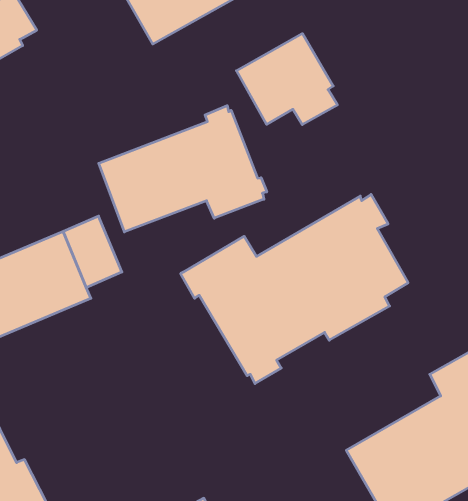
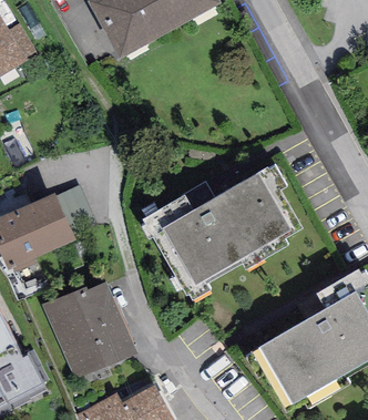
building: [236,34,337,125] -> none
building: [99,106,267,232] -> none
building: none -> [42,281,136,379]

